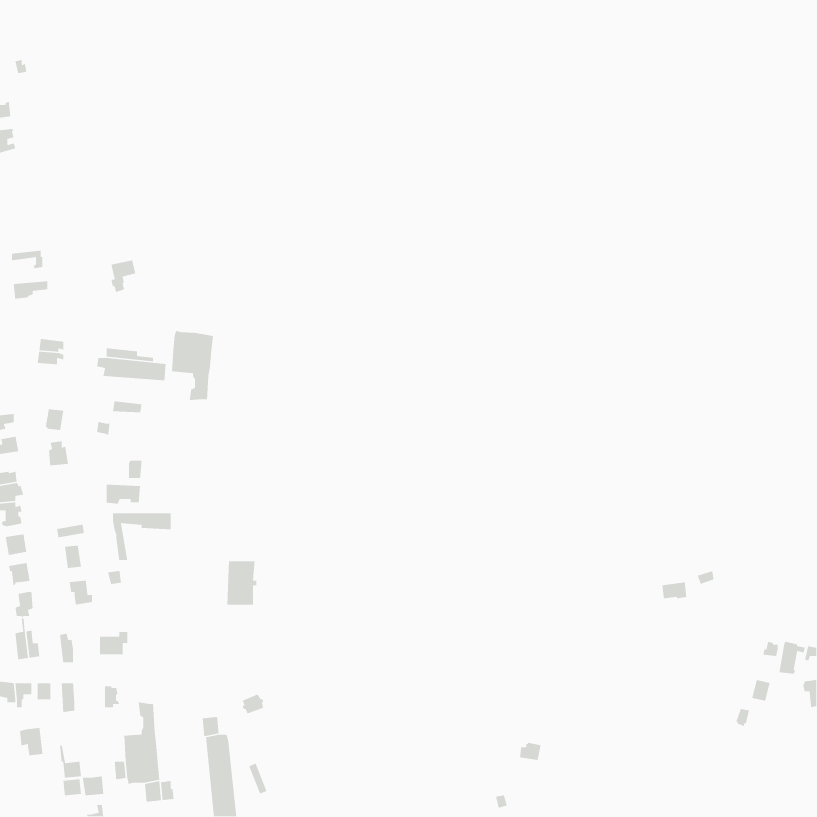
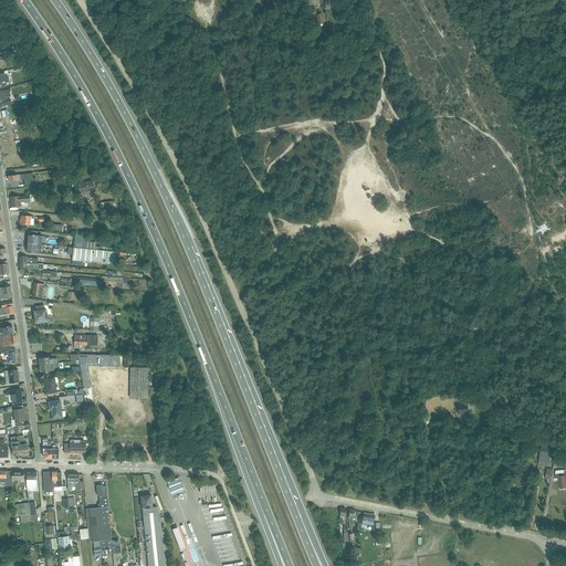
building: [171,330,214,401] -> none
building: [227,561,257,605] -> [128,367,149,398]

